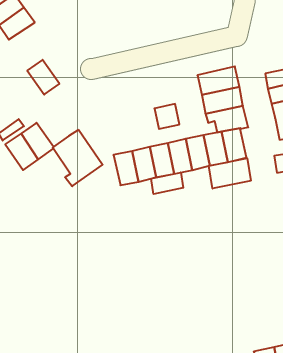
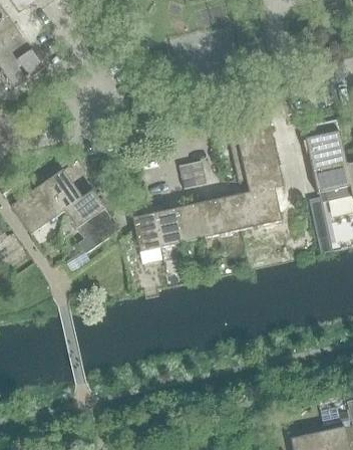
building: [27,60,59,95] -> [46,169,82,208]
building: [209,158,251,189] -> none
building: [151,172,183,194] -> none

